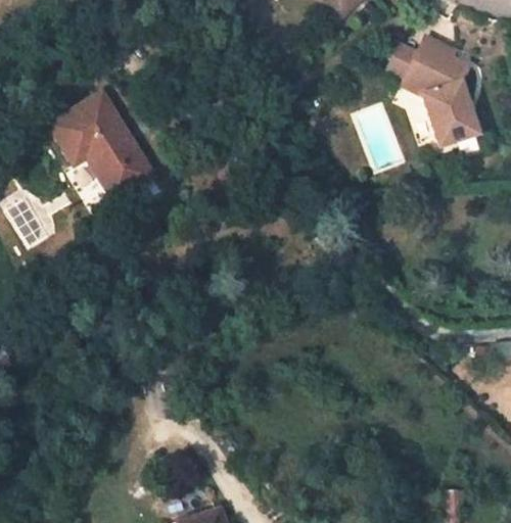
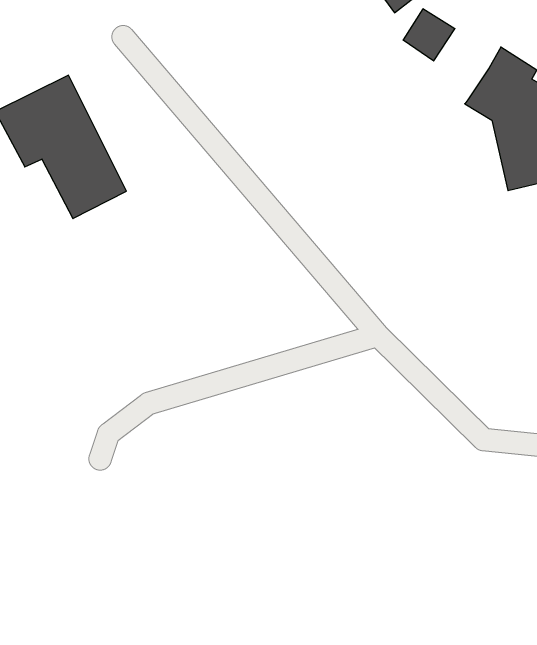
building: [378,42,416,80] -> [403,9,455,61]

